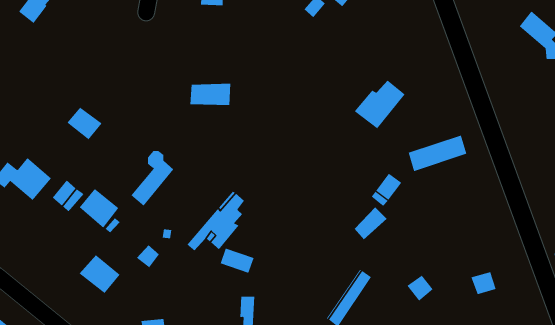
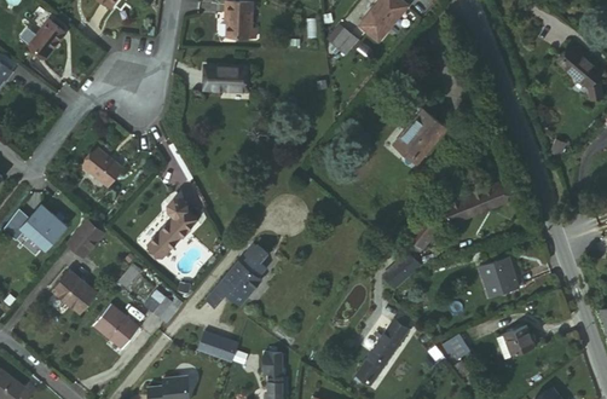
building: [190,83,231,106] -> [198,66,243,91]
building: [79,188,119,228] -> [51,273,94,317]
building: none -> [479,262,519,302]
building: [220,248,255,274] -> [200,331,237,359]

